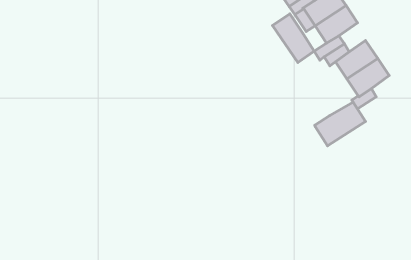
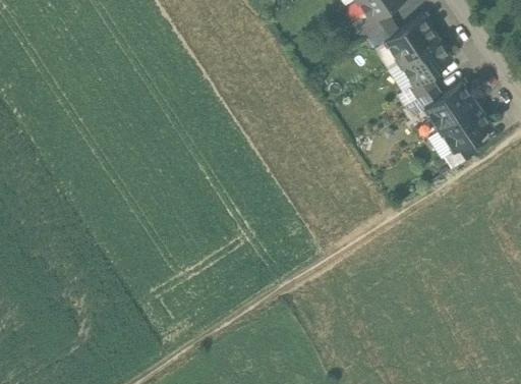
building: [272,14,314,62] -> none
building: [315,102,365,146] -> none

